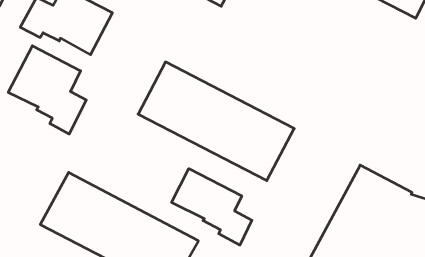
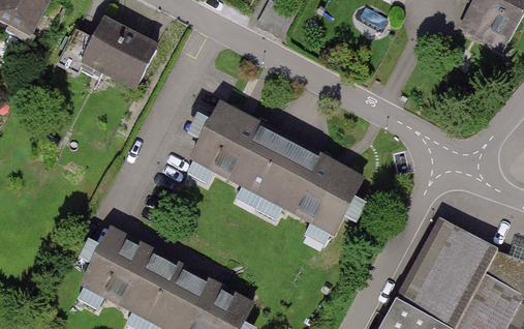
building: [8,46,86,134] -> none
building: [172,169,252,245] -> none

